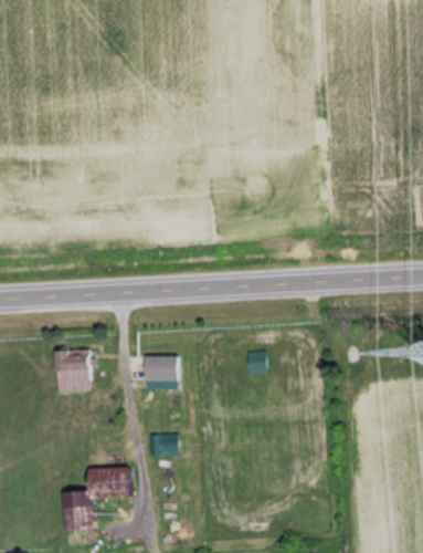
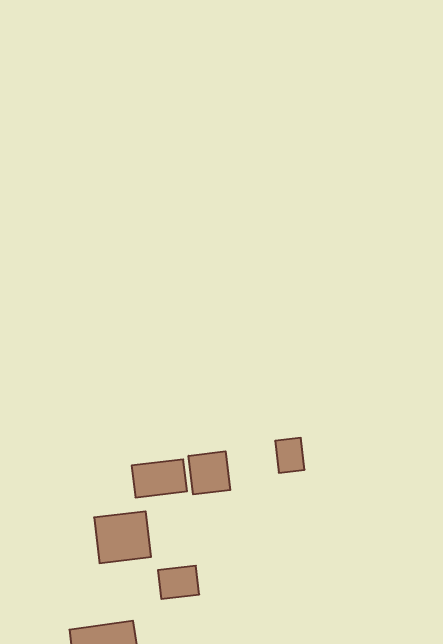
building: [53,351,91,384] -> [94,511,151,563]
building: none -> [189,451,230,494]

